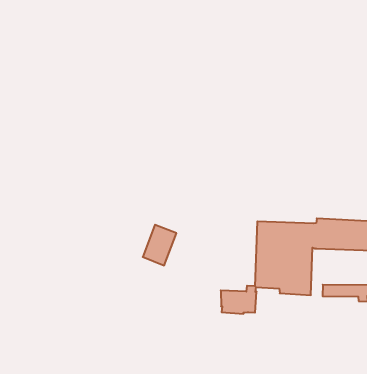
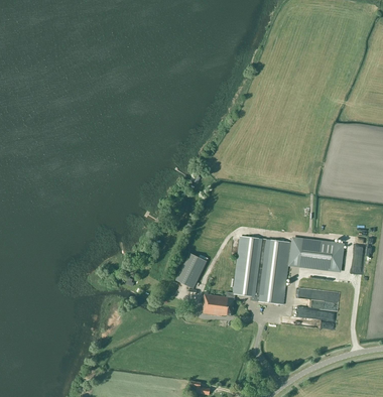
building: [143,225,176,265] -> [175,252,207,288]

